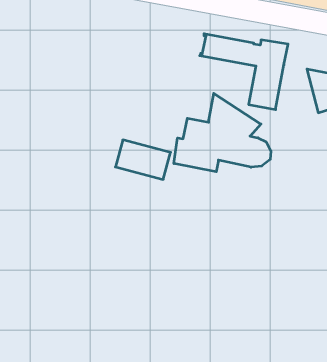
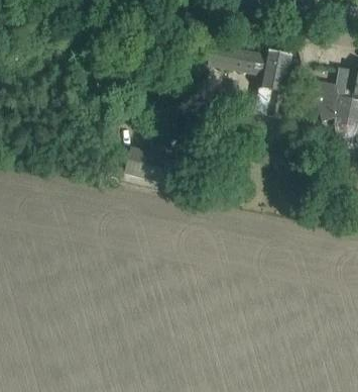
building: [174,93,271,172] -> none

